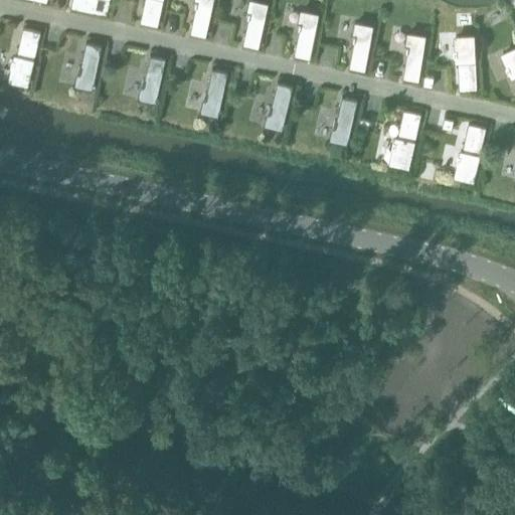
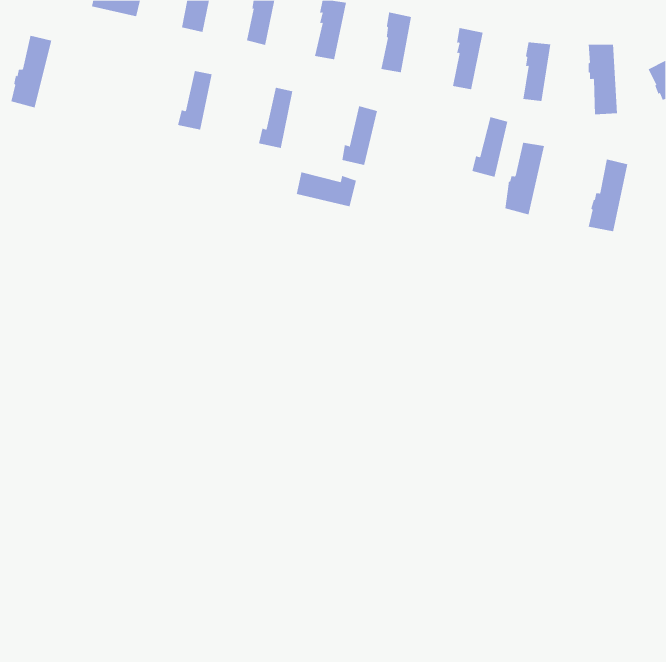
building: [73,44,101,91] -> none
building: [328,99,356,146] -> [472,116,508,178]
building: none -> [296,171,357,207]

